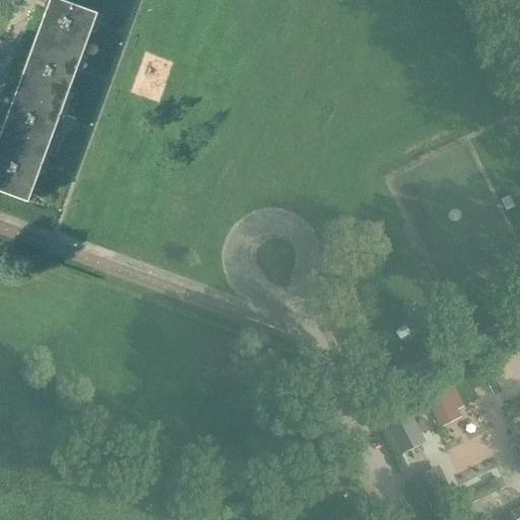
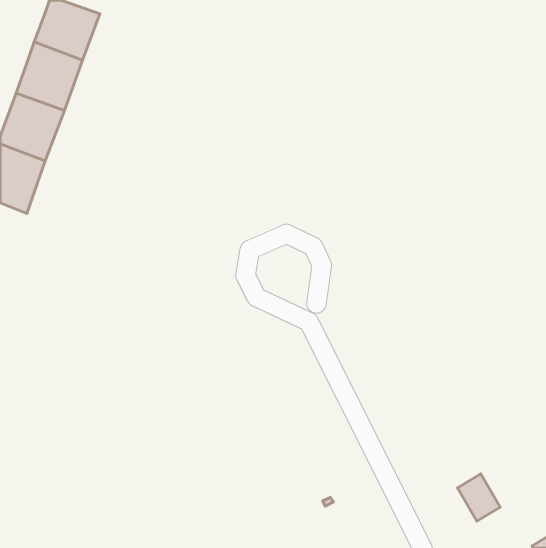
building: [429,387,464,419] -> none
building: [388,408,429,453] -> [457,474,500,521]

